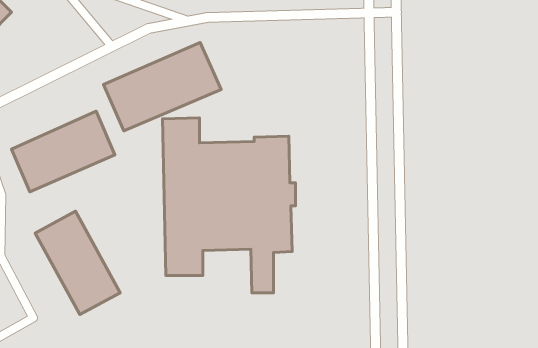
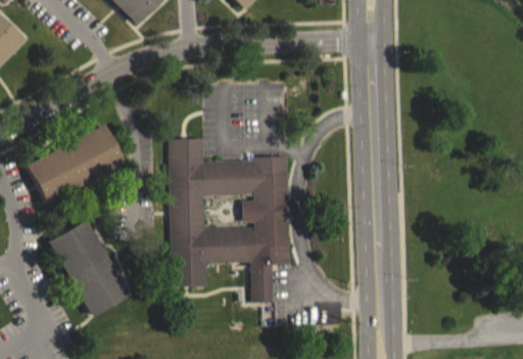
building: [104,43,221,131] -> none

